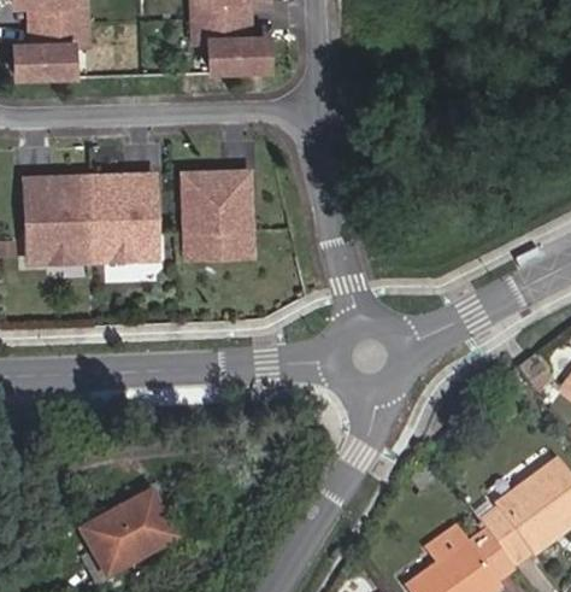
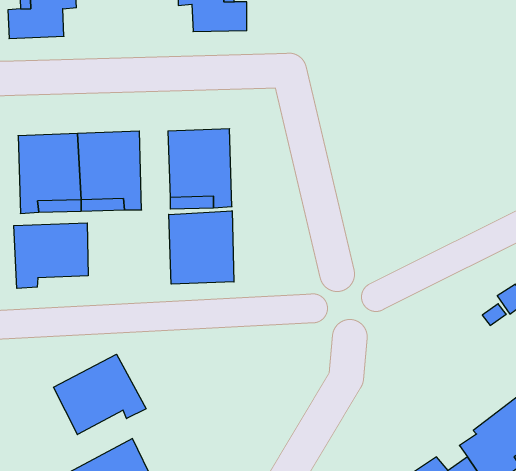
building: none -> [169,211,234,284]
building: none -> [14,223,88,288]
building: none -> [54,354,146,435]

